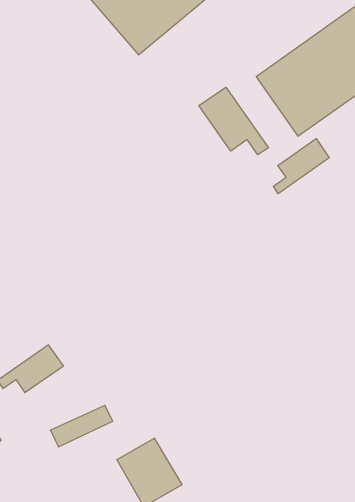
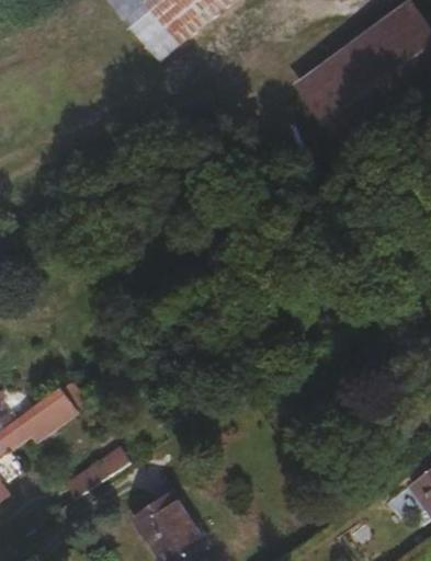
building: [199,87,268,155] -> none
building: [273,139,329,194] -> none

